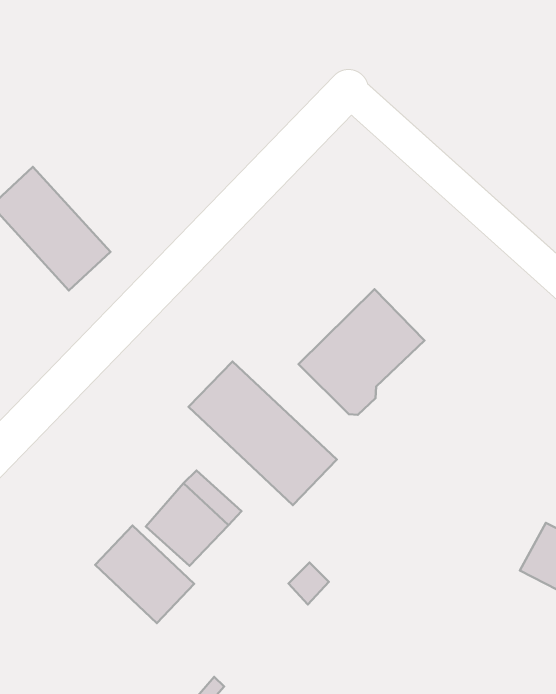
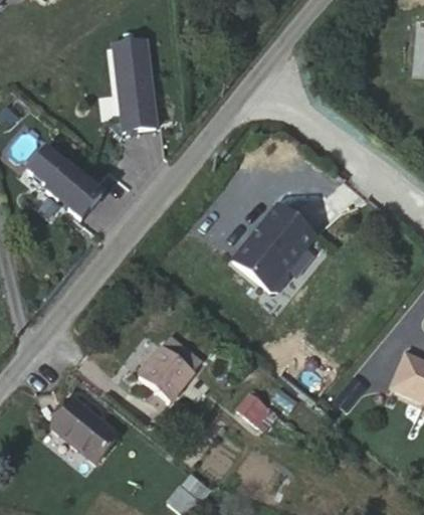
building: none -> [108,34,160,130]
building: [189,361,337,505] -> none
building: [95,526,194,623] -> [52,397,120,462]

